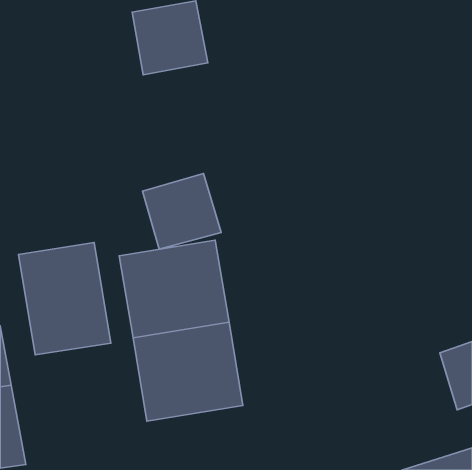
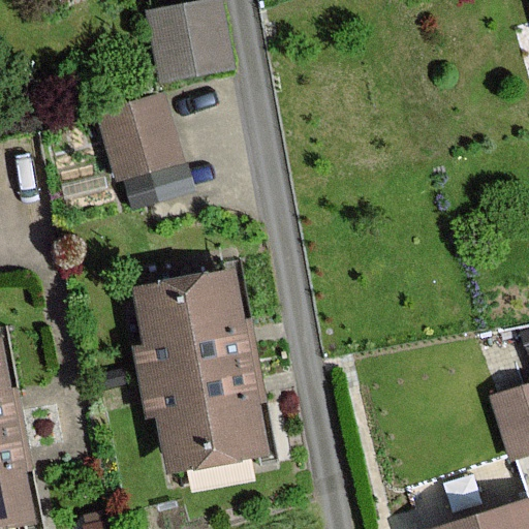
building: [143,174,221,249] -> [94,94,182,179]
building: [19,243,111,355] -> none

